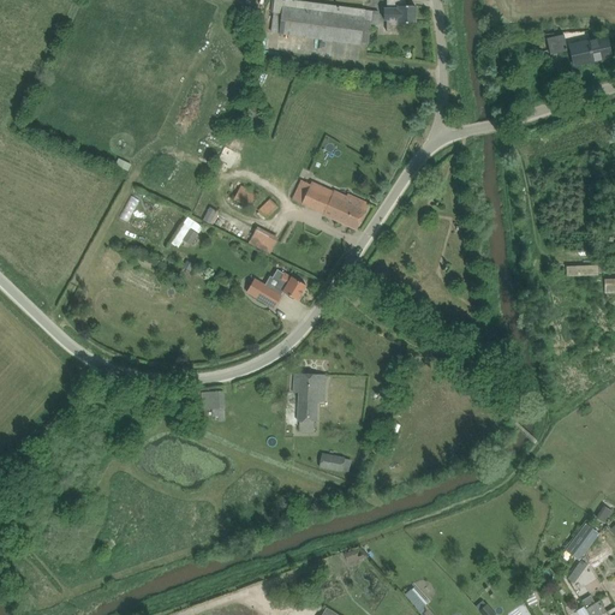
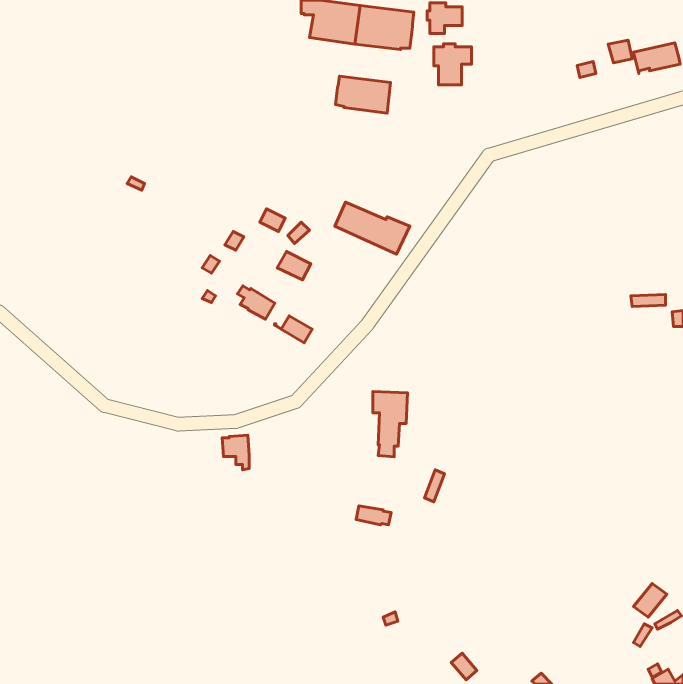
building: none -> [434,44,471,85]
building: none -> [335,76,390,113]
building: [271,270,305,300] -> [237,286,275,319]
building: [293,374,324,432] -> [373,391,408,457]

